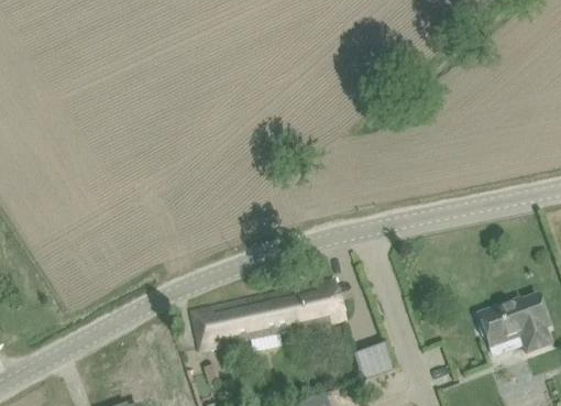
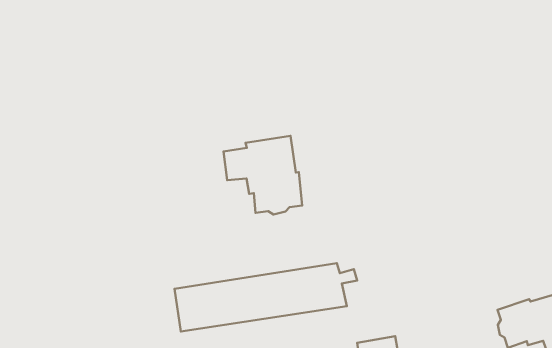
building: none -> [223,136,302,214]

